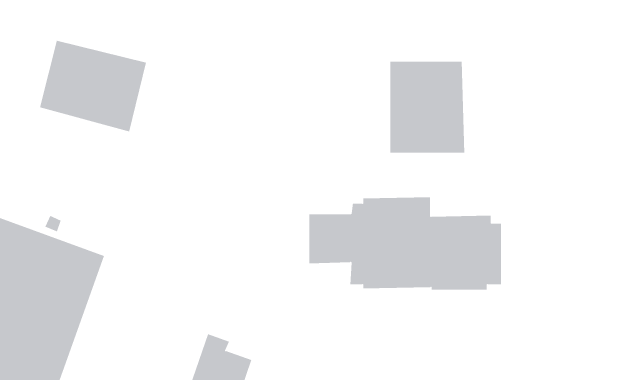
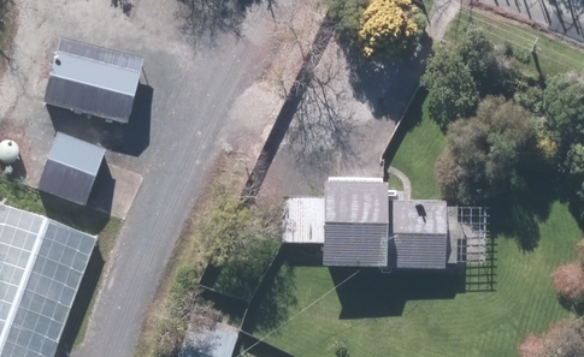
building: [390,61,465,153] -> none
building: none -> [33,131,100,207]

